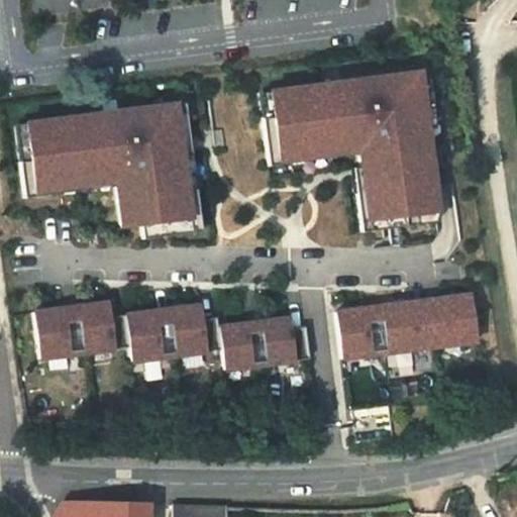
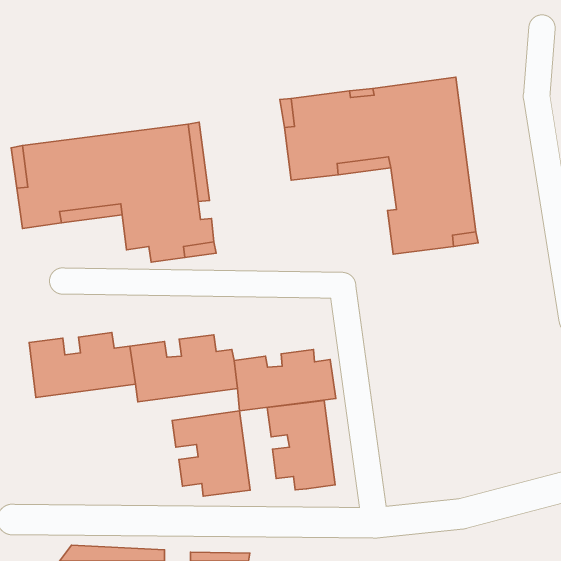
building: [338,293,480,356] -> none
building: none -> [267,400,335,490]
building: none -> [172,411,250,496]

